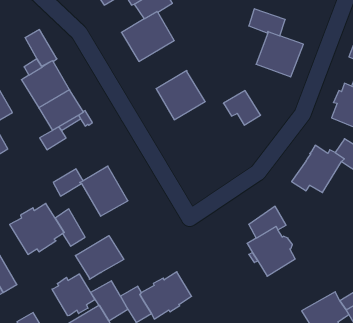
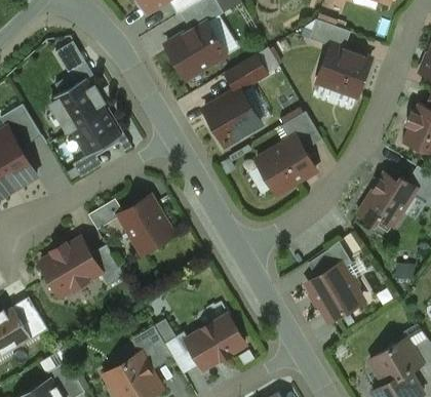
building: none -> [225,55,266,91]
building: none -> [256,137,315,194]
building: [75,236,124,279] -> none
building: [52,274,95,316] -> none

